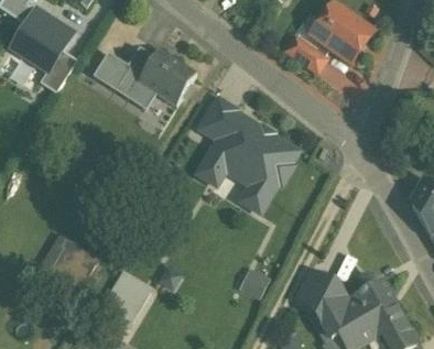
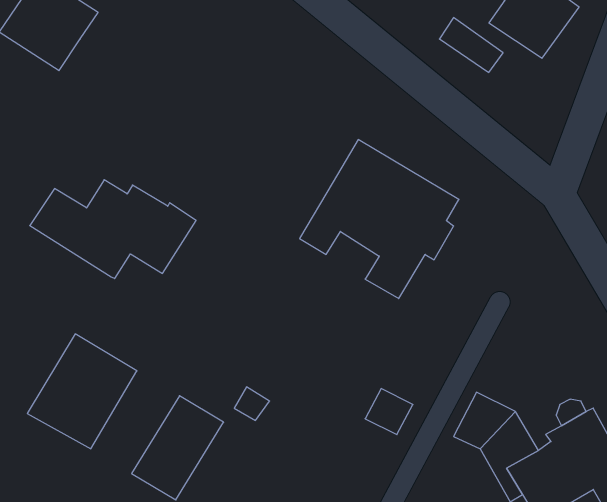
building: [94,47,197,109] -> [30,180,196,279]
building: [42,50,77,92] -> none
building: [199,96,239,139] -> none

